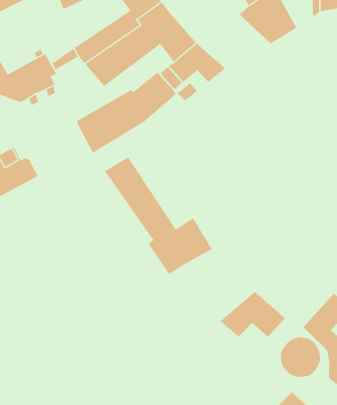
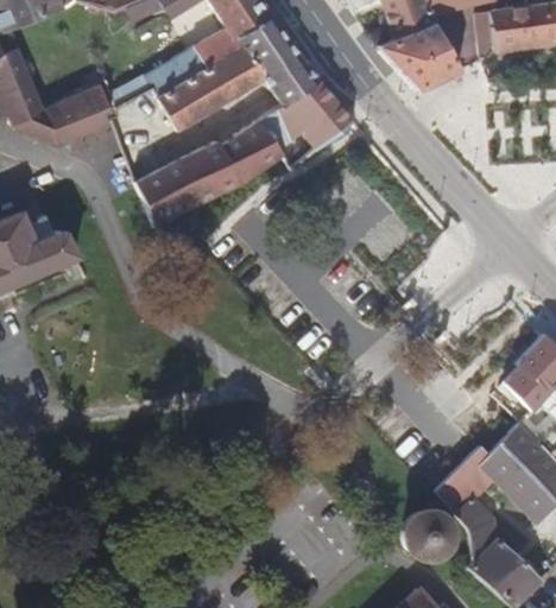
building: [104,157,212,275] -> none
building: [219,291,286,337] -> none

